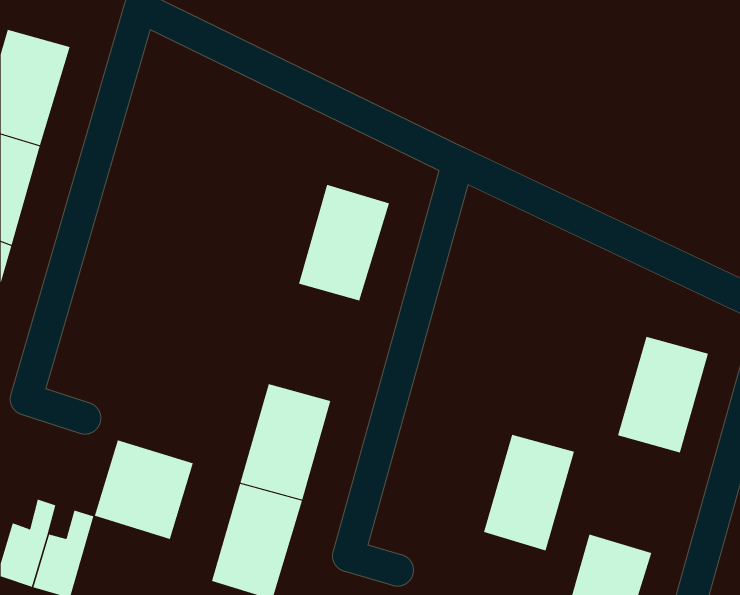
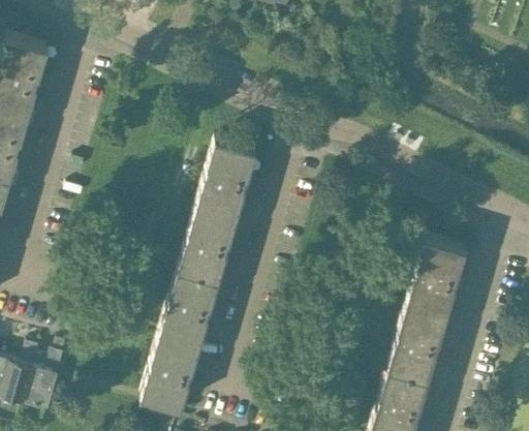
building: none -> [179,201,239,277]
building: [483,434,575,551] -> [388,300,448,376]
building: [94,439,193,540] -> none

